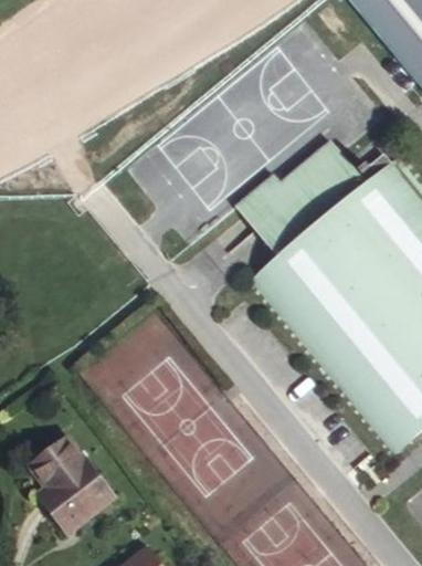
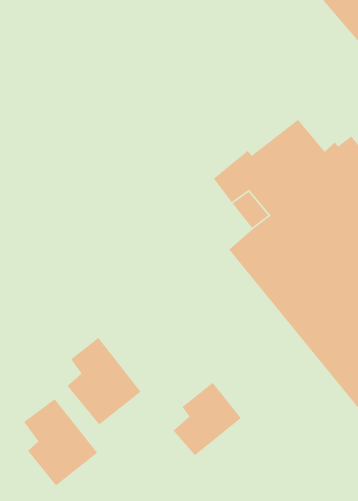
building: none -> [67,337,141,425]
building: none -> [172,382,242,456]

